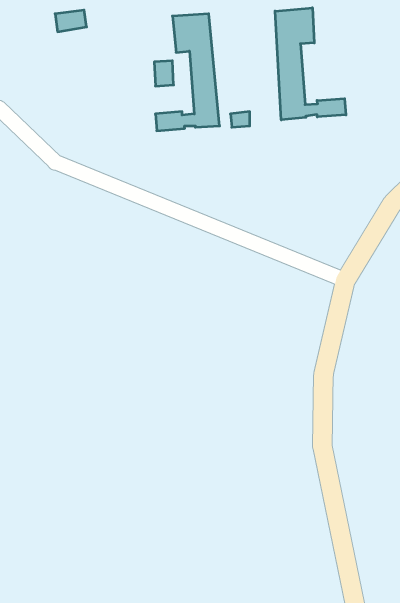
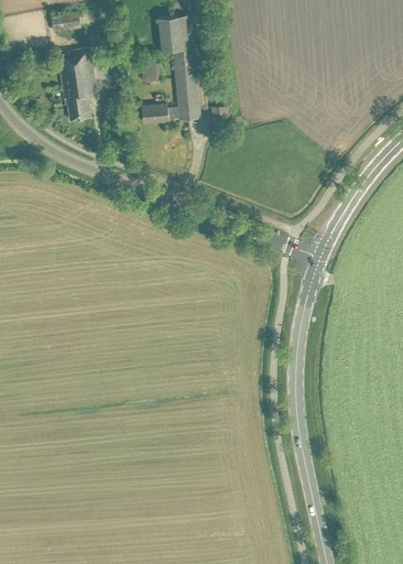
building: [275,8,346,120] -> none
building: none -> [53,48,97,120]

